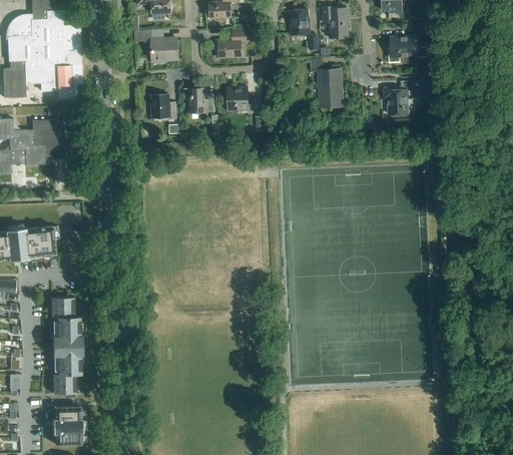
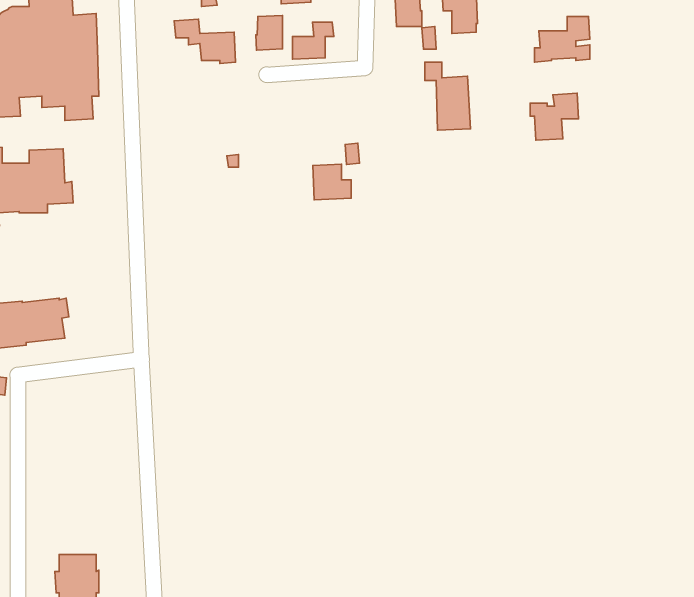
building: none -> [256,15,282,50]
building: [226,86,253,111] -> [313,164,351,200]
building: [187,88,212,112] -> none
building: [150,94,175,119] -> none
building: [49,298,81,394] -> none

